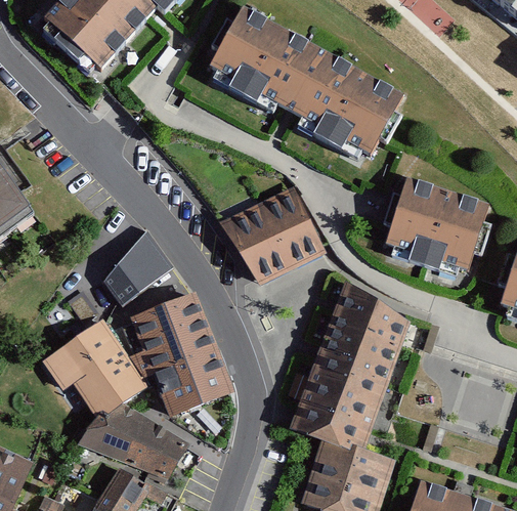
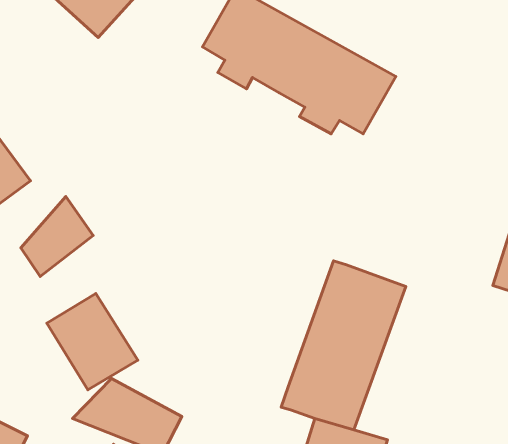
building: [384,178,488,278] -> none
building: [223,187,322,288] -> none
building: [101,229,174,309] -> [21,197,93,276]
building: [113,293,231,418] -> none

